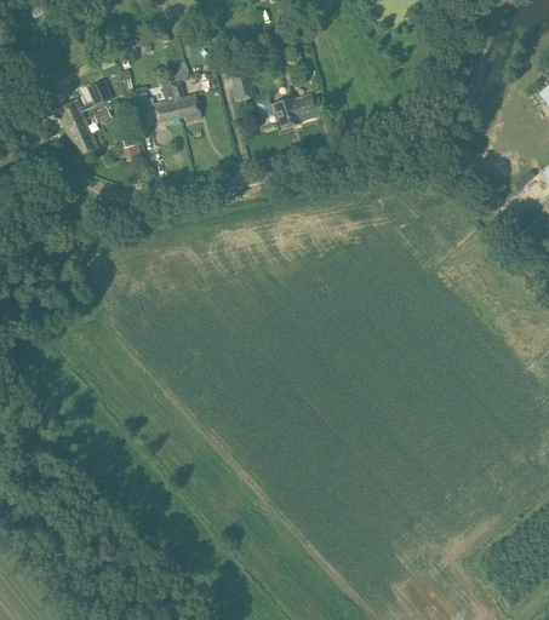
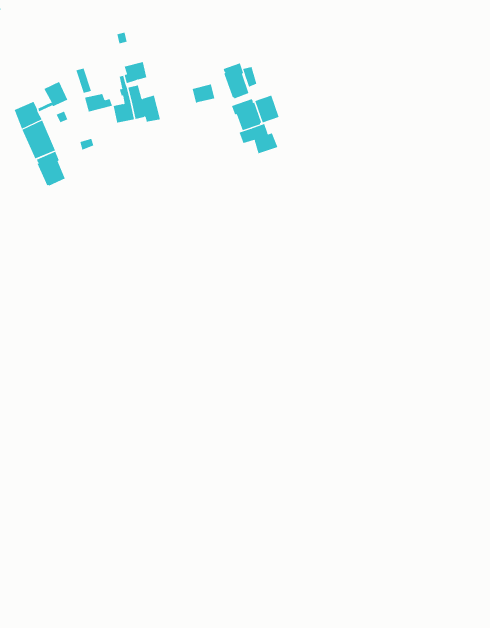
building: none -> [223,62,249,99]
building: none -> [239,123,278,154]
building: none -> [36,151,66,187]

